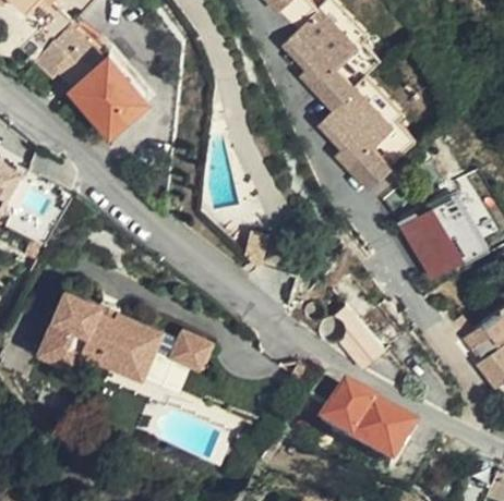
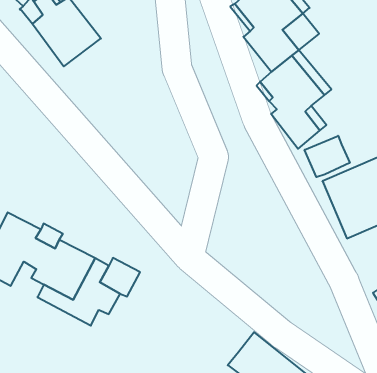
building: none -> [305,136,350,177]
building: [333,304,384,367] -> none

